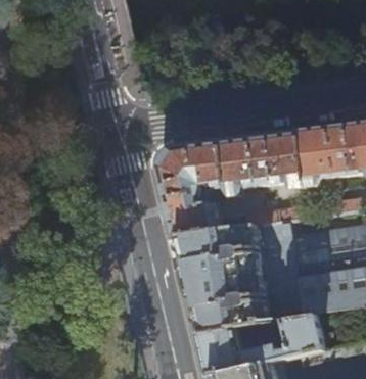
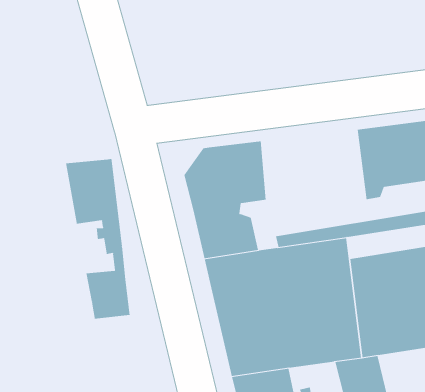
building: [225,131,310,197] -> none
building: none -> [65,158,130,320]

